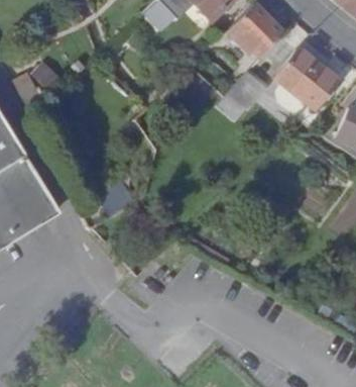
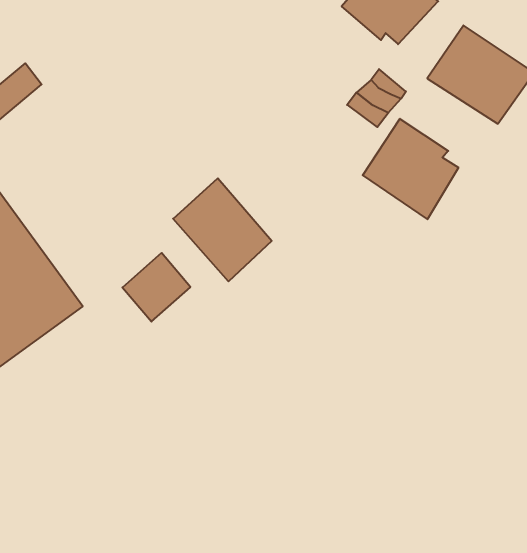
building: none -> [363,119,458,219]
building: none -> [173,178,272,281]

